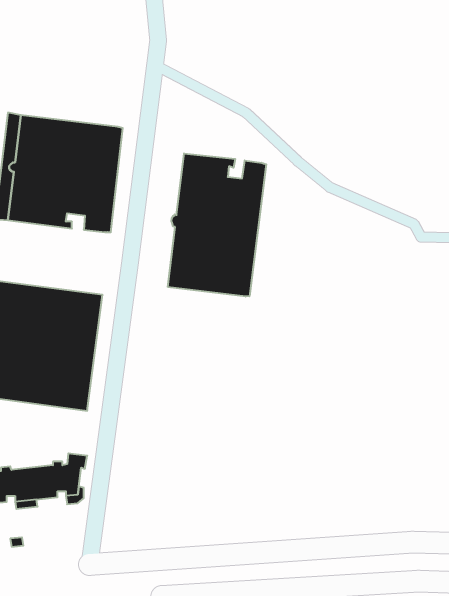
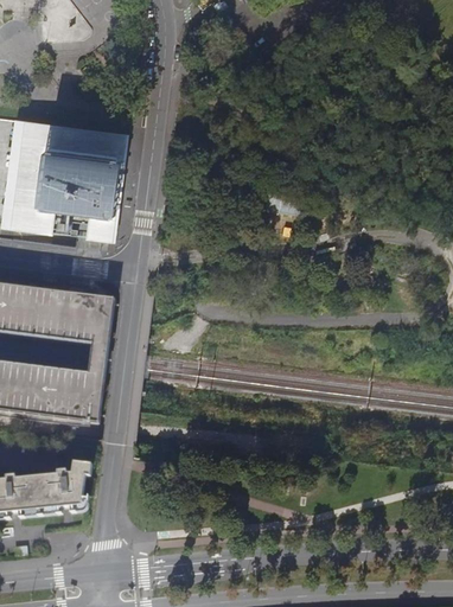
building: [168,153,266,297] -> none

